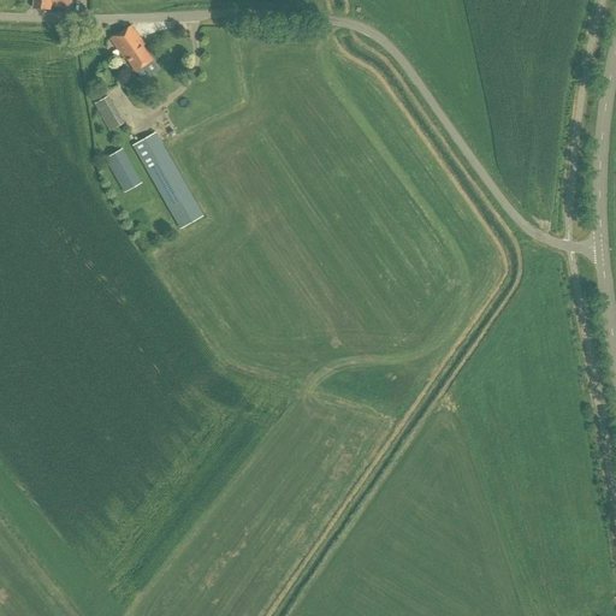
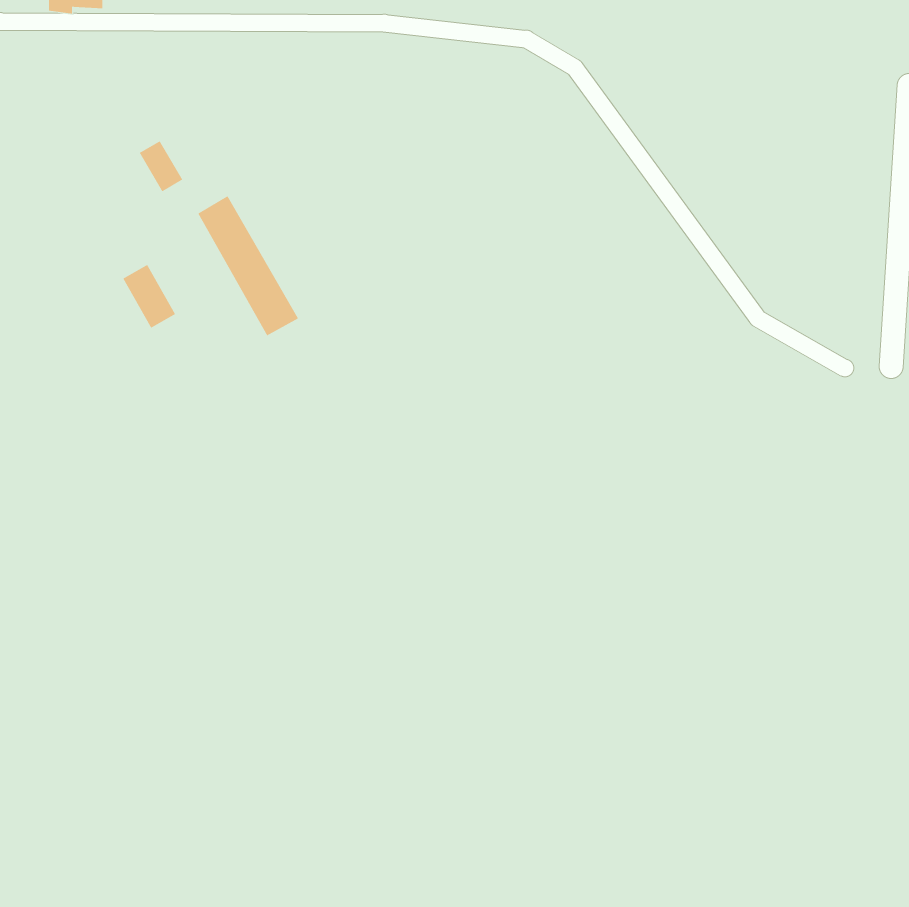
building: [108,24,152,71] -> none
building: [105,148,141,191] -> [123,264,176,328]

